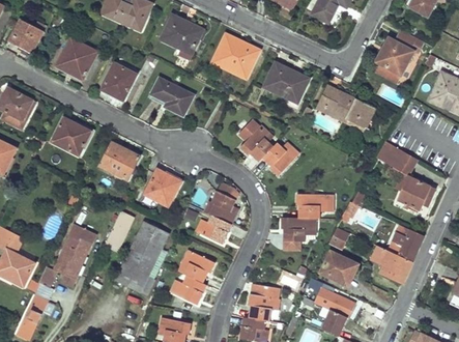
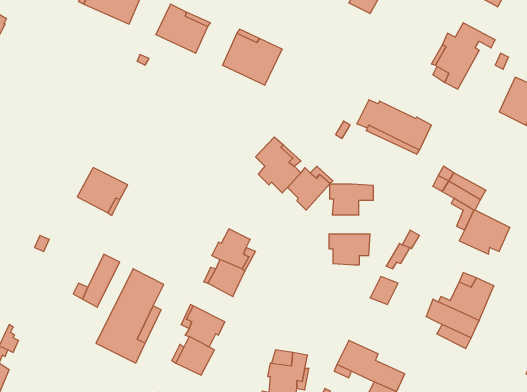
building: [58,38,96,80] -> none
building: [263,63,307,111] -> none
building: [102,64,136,101] -> none
building: [151,78,193,115] -> none
building: [51,117,90,156] -> none
building: [144,172,180,205] -> none
building: [281,218,315,241] -> [330,184,373,215]
building: [54,230,90,279] -> none
building: [320,252,358,286] -> none

